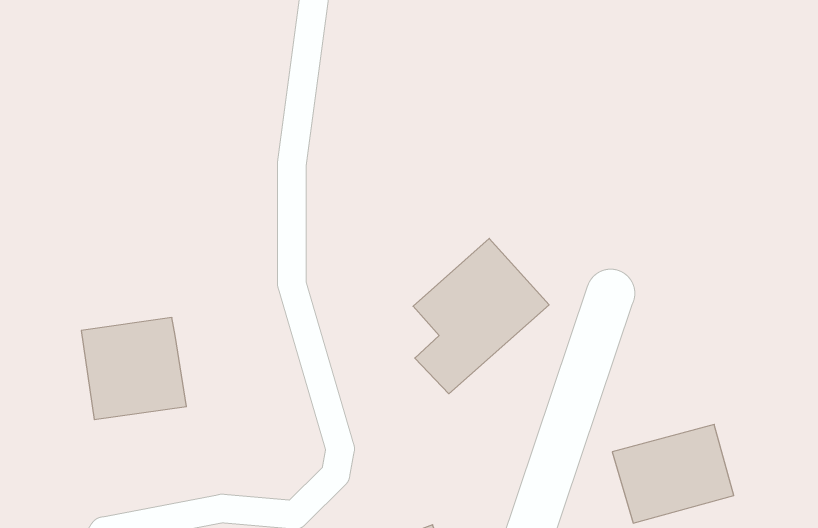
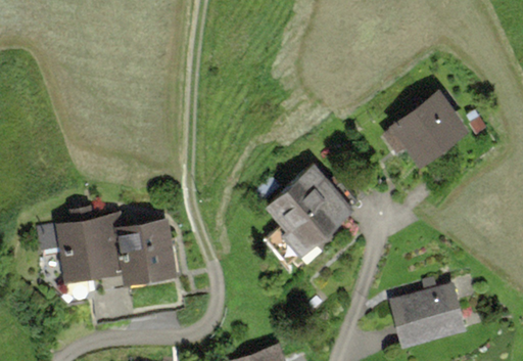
building: none -> [381,89,468,167]
building: none -> [114,218,178,285]

